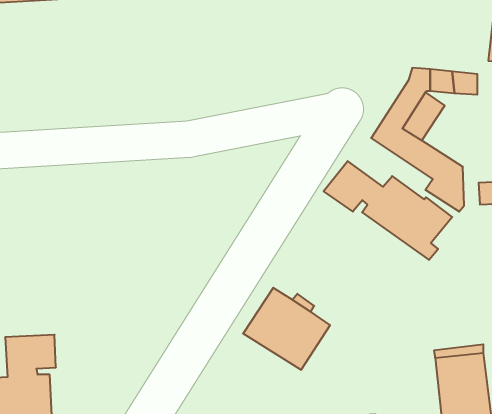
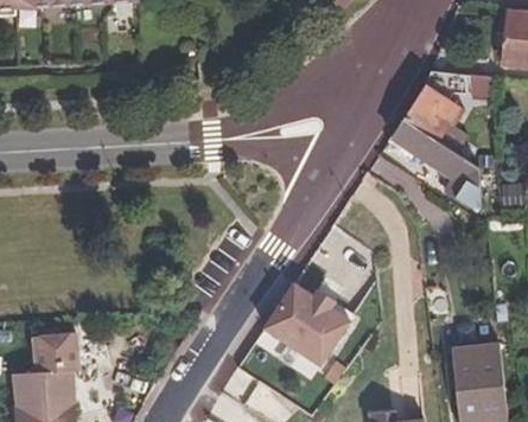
building: [324,161,452,260] -> none

